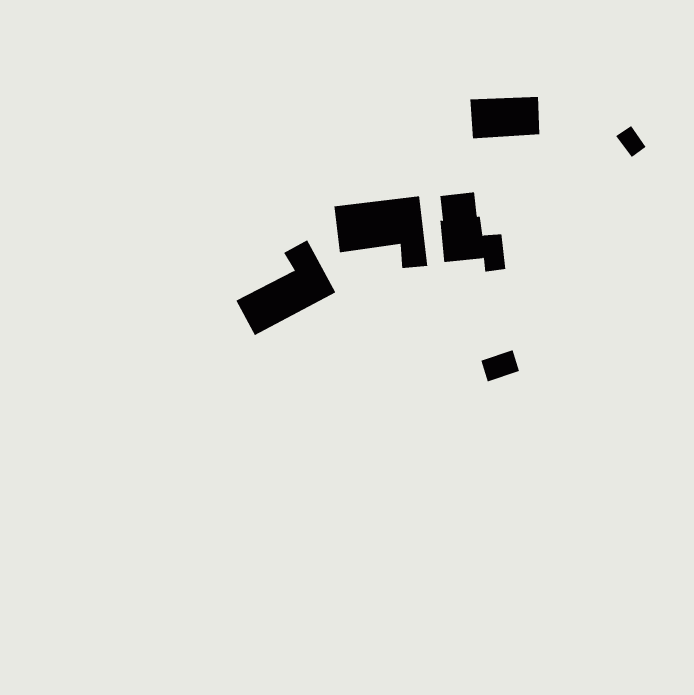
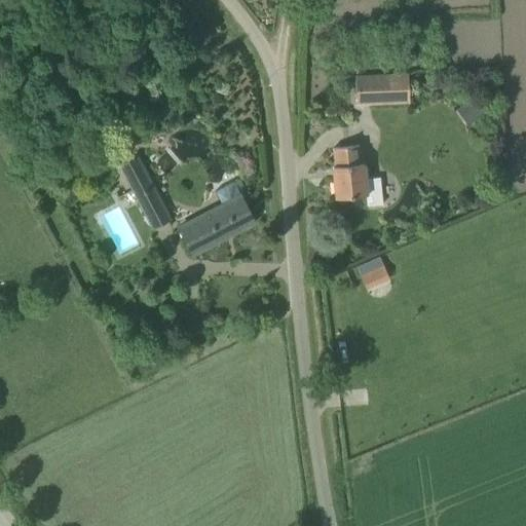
building: [334,196,428,269] -> none
building: none -> [117,154,170,229]

